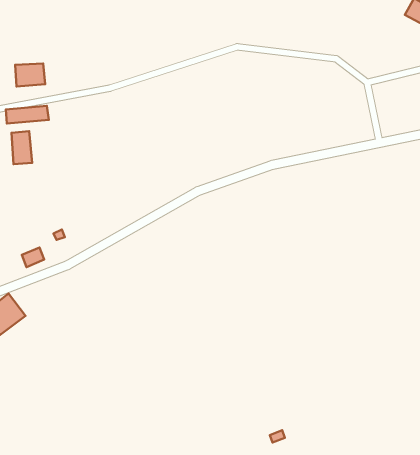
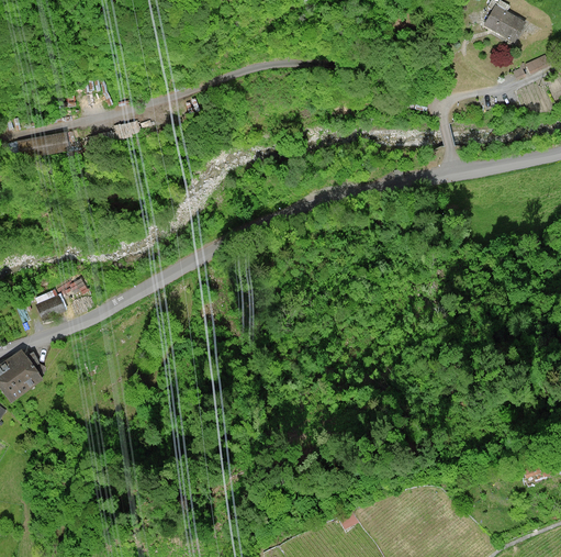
building: [15,63,45,87] -> none
building: [11,131,32,164] -> none

